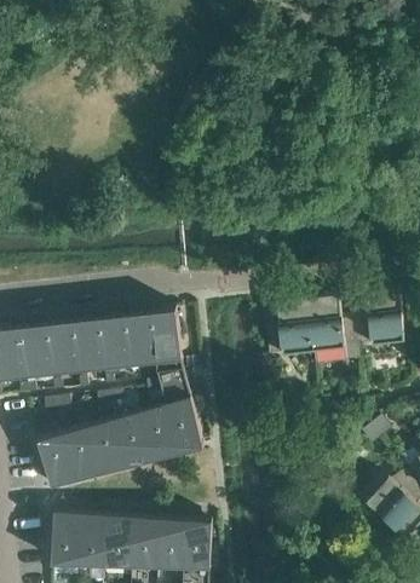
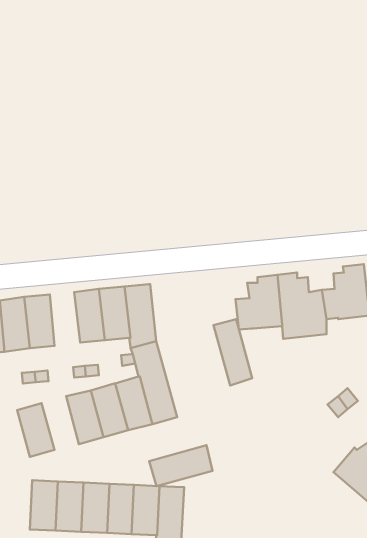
building: [71,317,103,373] -> none
building: none -> [214,319,252,385]
building: [63,425,102,480] -> none
building: none -> [149,445,213,486]

